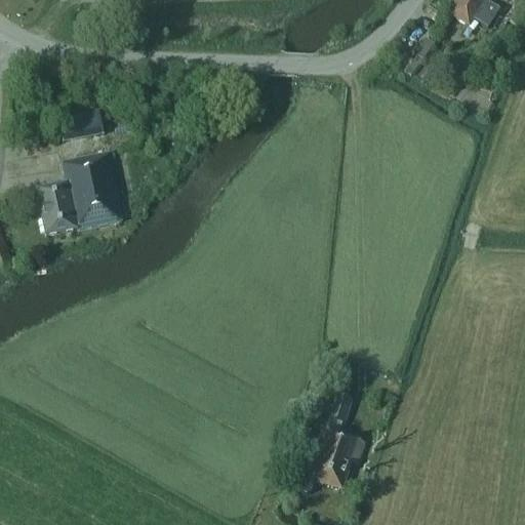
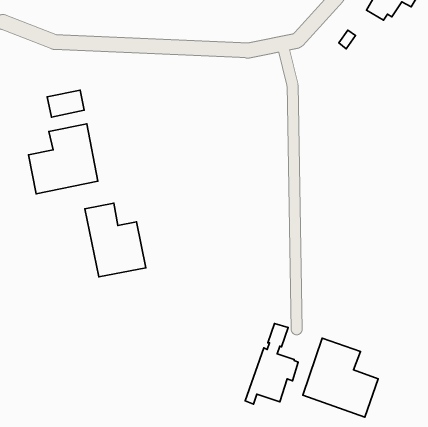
building: none -> [85,203,146,277]
building: none -> [303,338,378,417]

